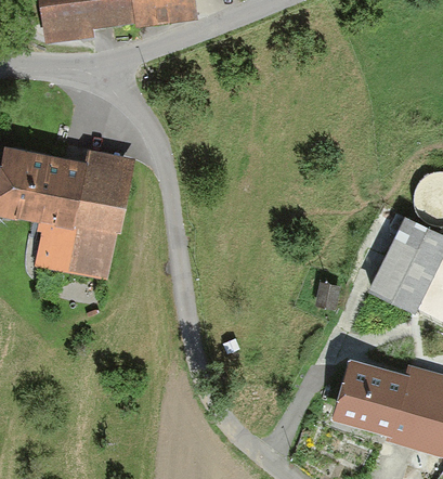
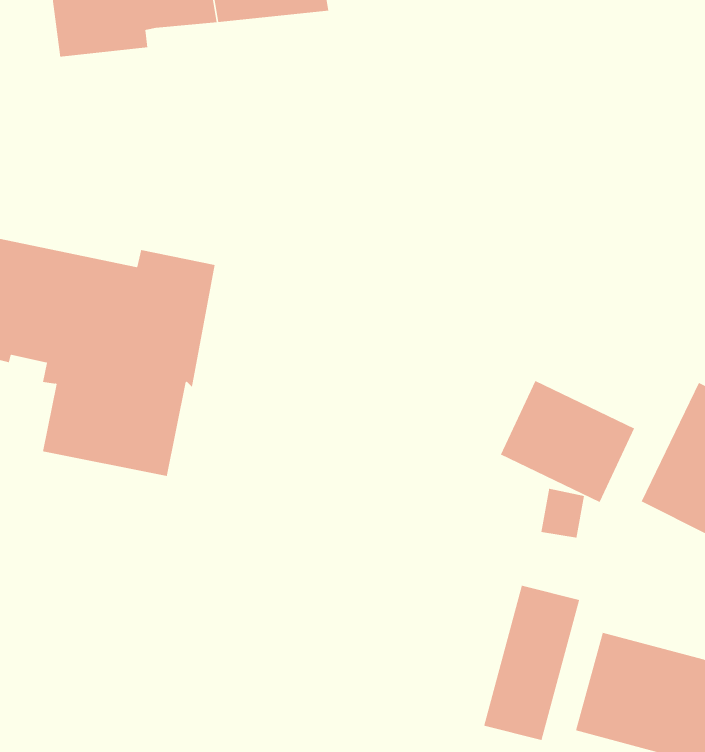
building: none -> [500,380,635,503]
building: none -> [483,585,580,741]

